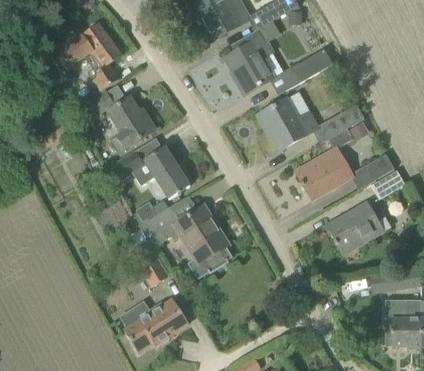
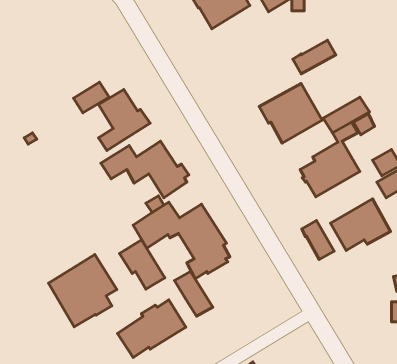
building: [52,23,121,91] -> none
building: [227,28,284,93] -> none
building: none -> [302,221,334,259]
building: none -> [48,254,117,327]
building: none -> [174,271,213,316]

